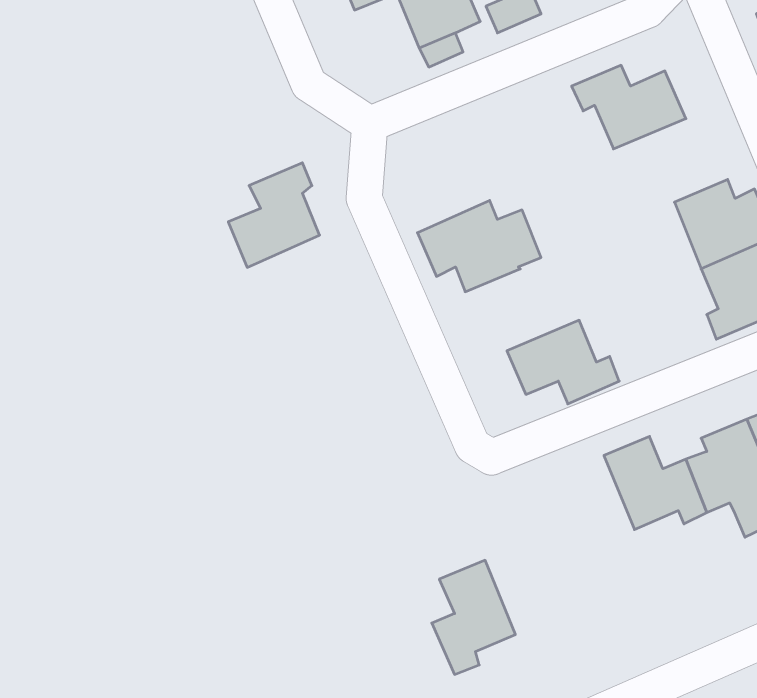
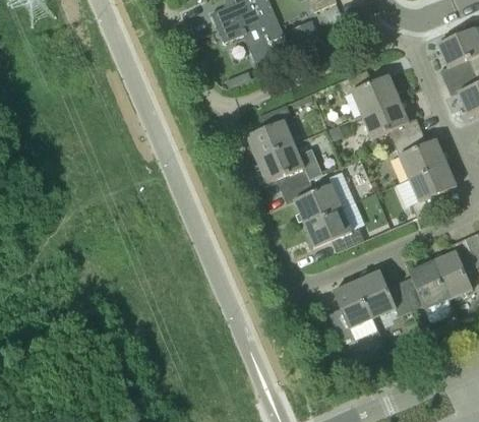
building: none -> [361,100,422,144]
building: [228,163,320,267] -> [246,105,295,161]
building: none -> [282,180,343,224]
building: [432,560,515,674] -> [327,280,372,341]

